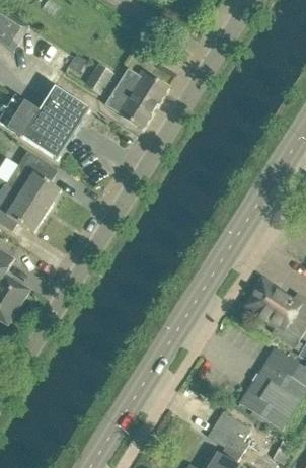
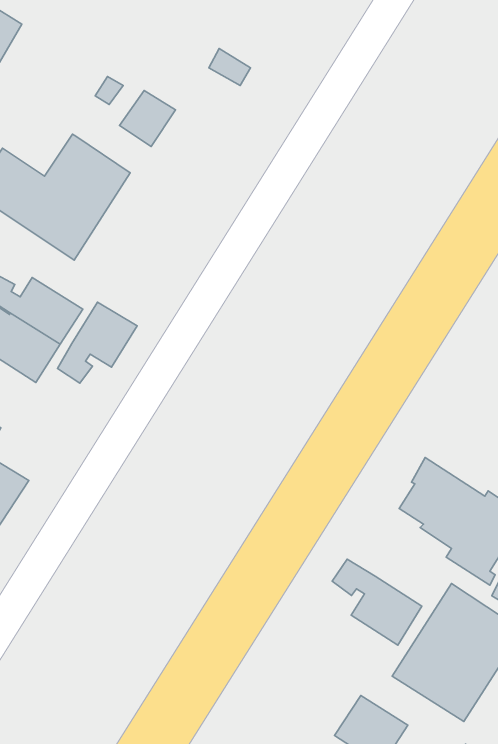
building: [103,65,168,128] -> none
building: none -> [57,302,137,383]
building: none -> [332,559,422,645]

